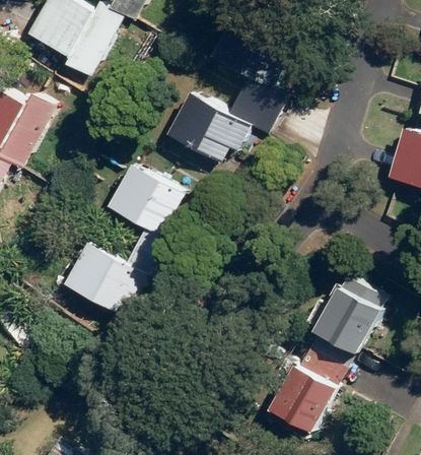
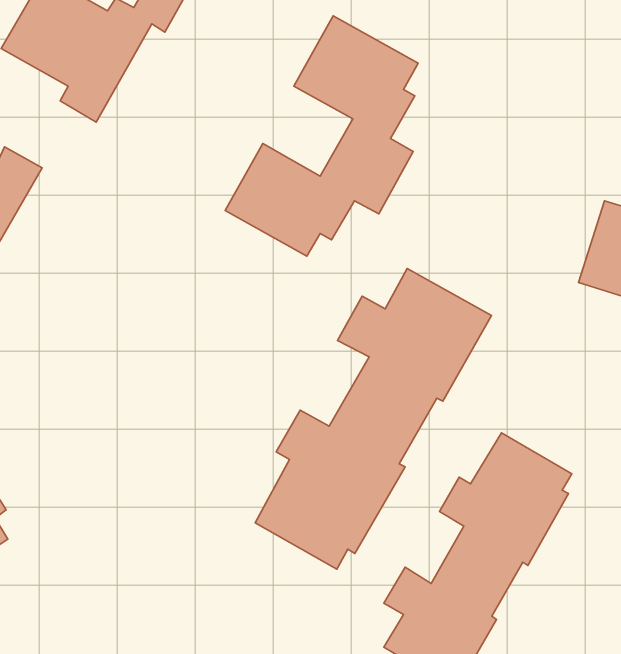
building: [64,164,183,312] -> none
building: none -> [255,268,491,569]

